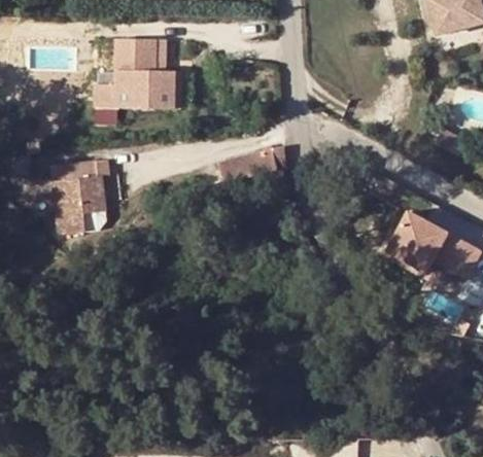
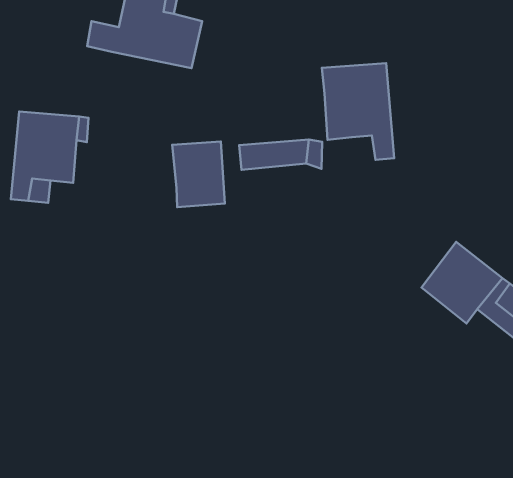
building: none -> [322,63,394,160]
building: none -> [172,142,225,207]

